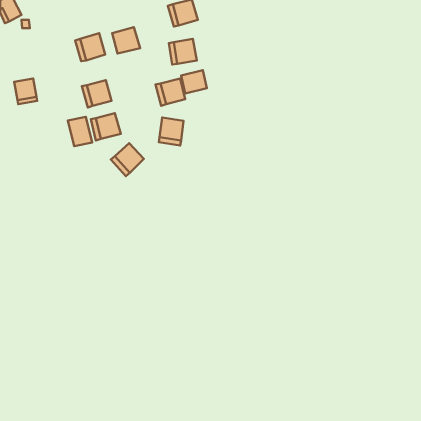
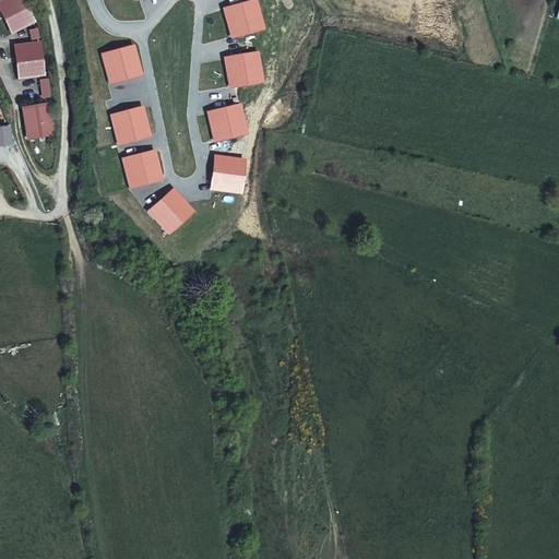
building: [112,27,140,54] -> none
building: none -> [13,43,41,75]
building: [181,70,207,93] -> none
building: [68,117,92,146] -> none

